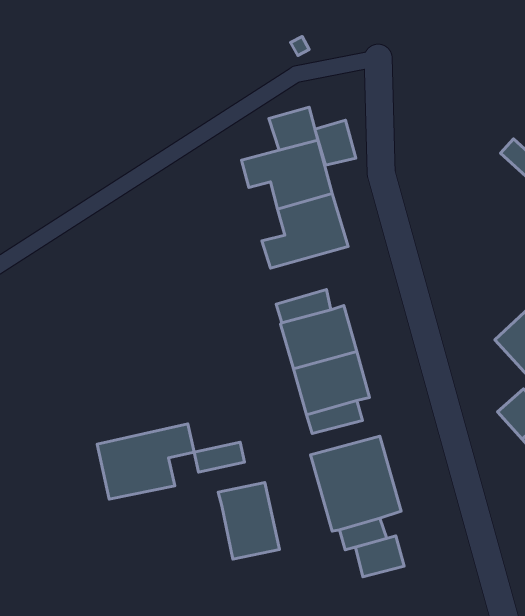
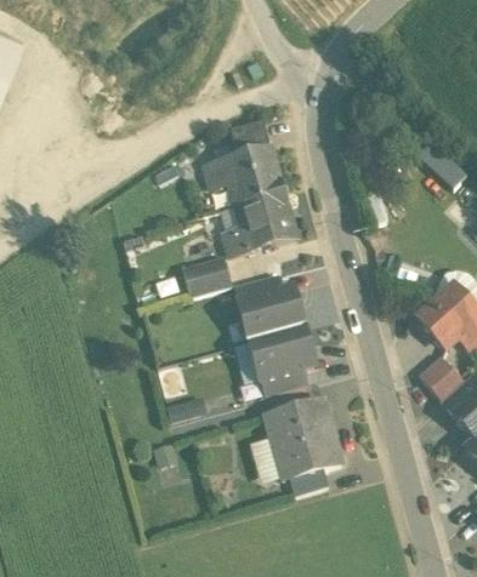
building: [315,120,356,165] -> none
building: none -> [183,258,232,298]
building: [97,424,194,499] -> none
building: [218,483,280,559] -> none
building: [356,536,404,577] -> none

